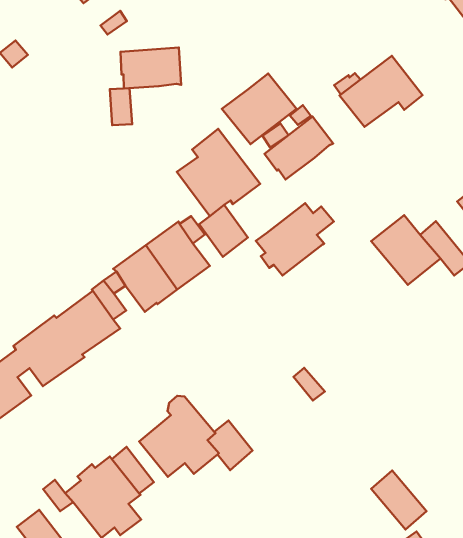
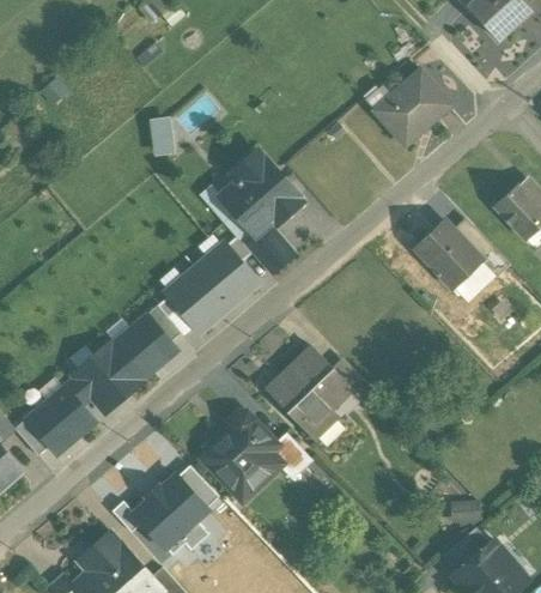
building: [120,47,181,88] -> none
building: [222,73,297,144] -> none
building: [265,117,333,180] -> none
building: [256,203,334,276] -> none
building: none -> [266,347,342,440]

